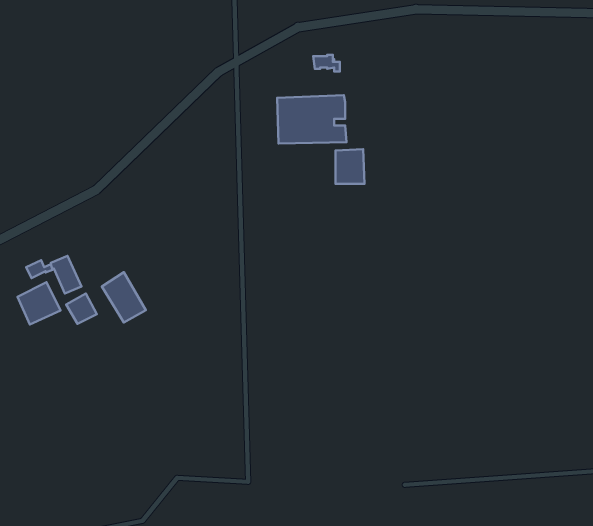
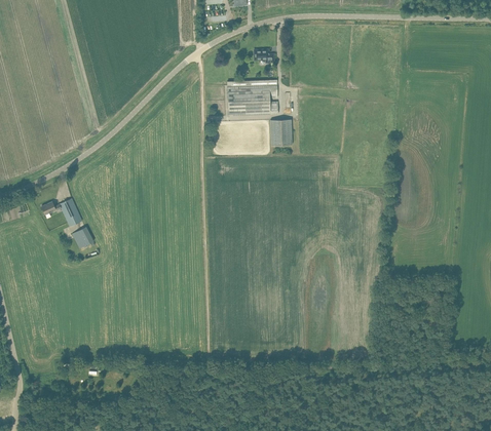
building: [102,272,146,322] -> none
building: [18,282,61,324] -> none

